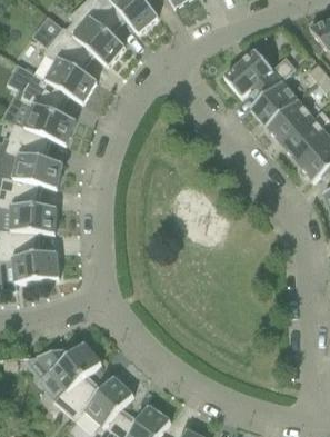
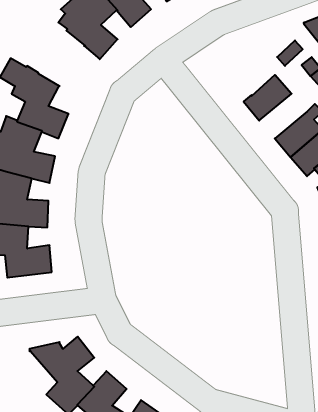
building: [32,16,97,103] -> none
building: [224,51,281,102] -> none
building: [266,100,313,145] -> none

